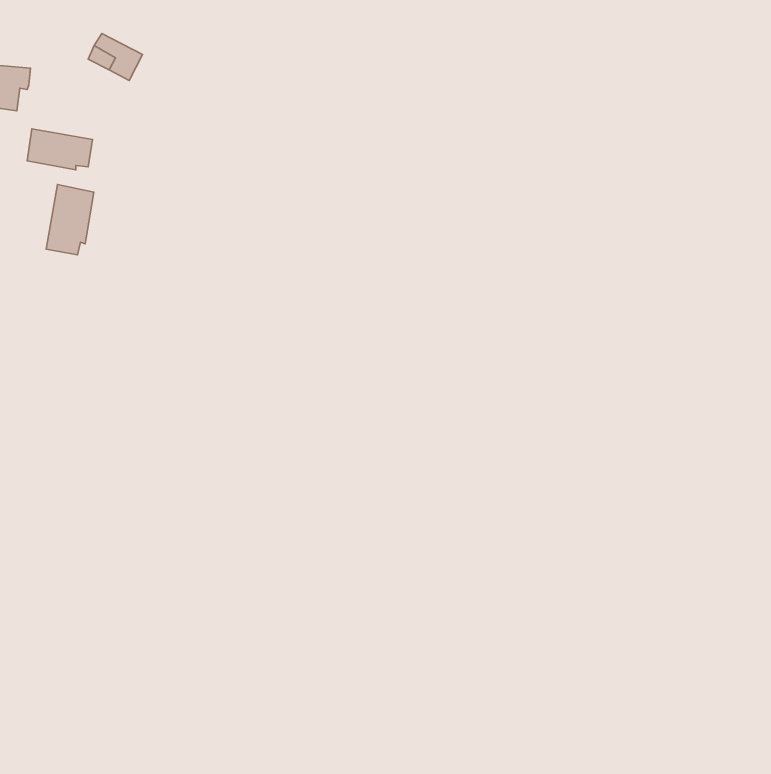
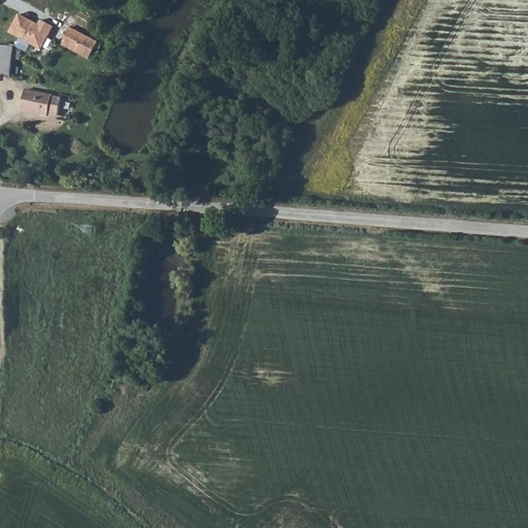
building: none -> [6,15,51,52]
building: [46,185,94,255] -> none

